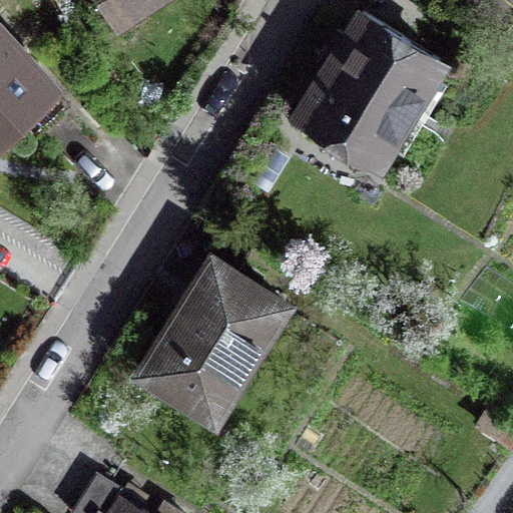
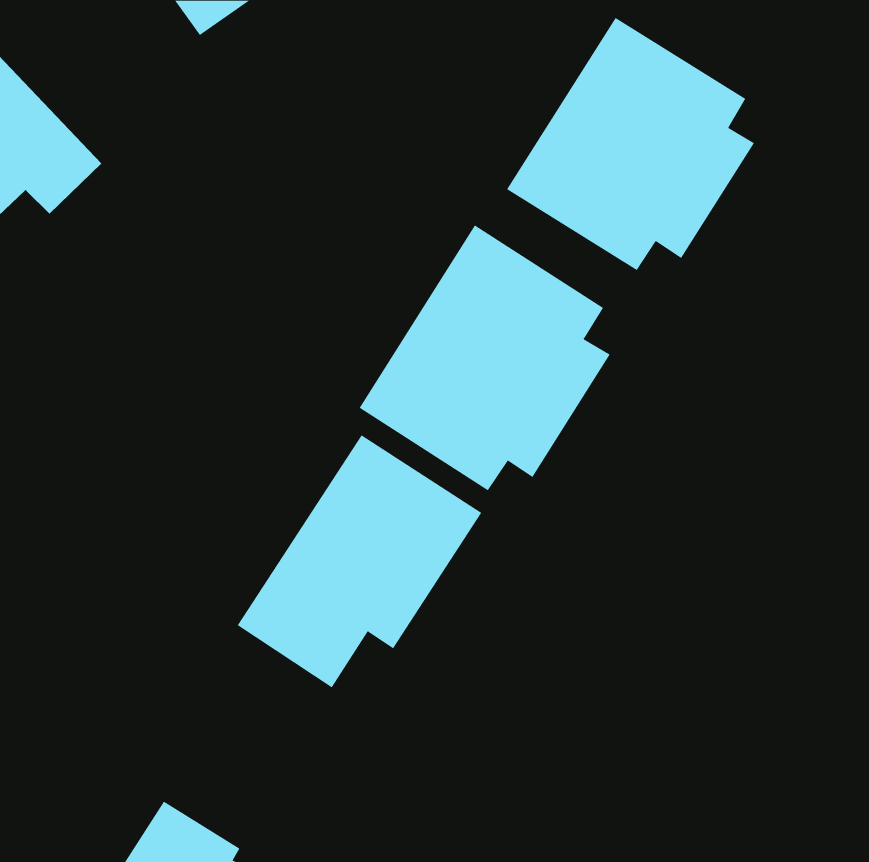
building: none -> [359,225,611,491]

